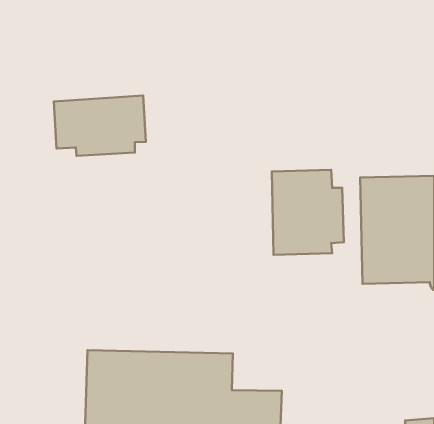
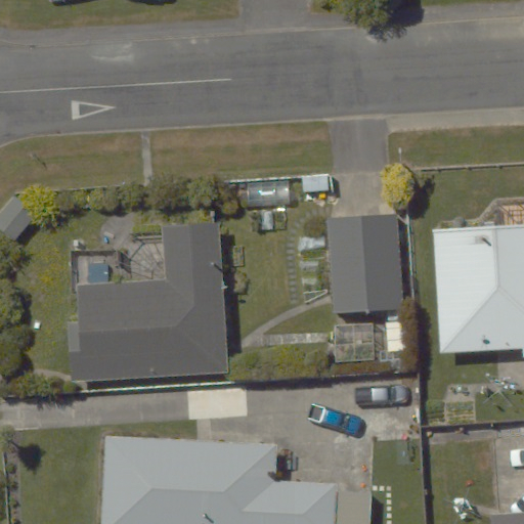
building: [54,95,146,156] -> none
building: none -> [67,221,231,385]

